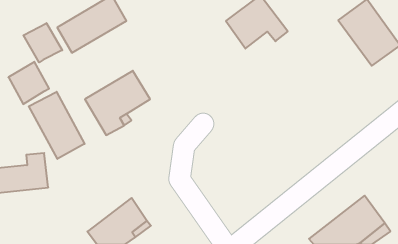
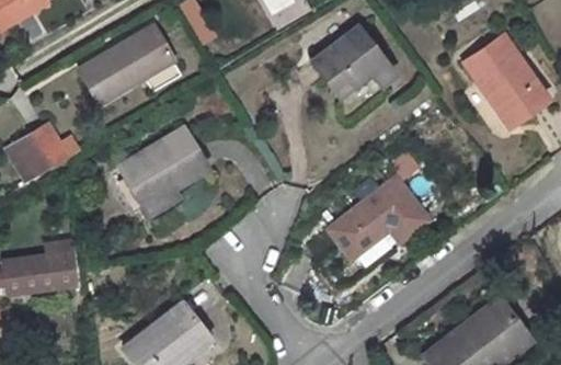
building: [23,23,62,62] -> none
building: [29,92,85,159] -> none
building: none -> [332,180,426,258]

